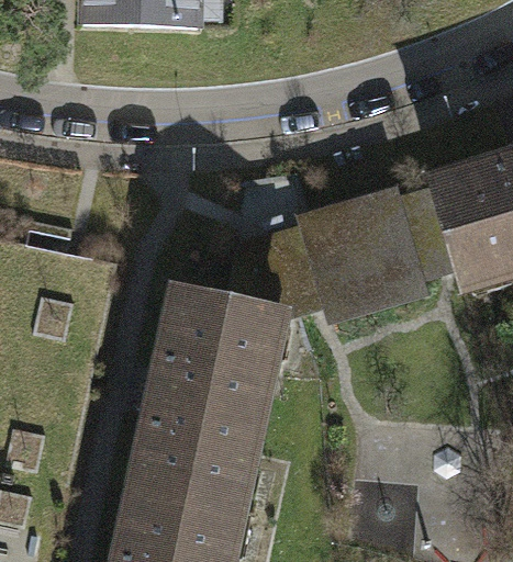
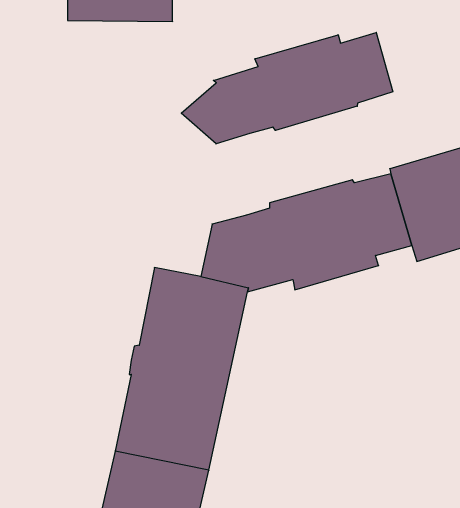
building: none -> [181,32,393,144]

